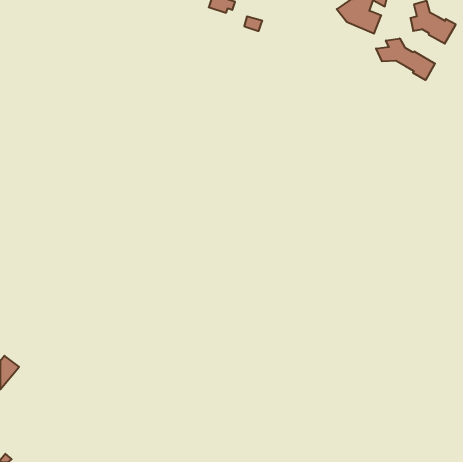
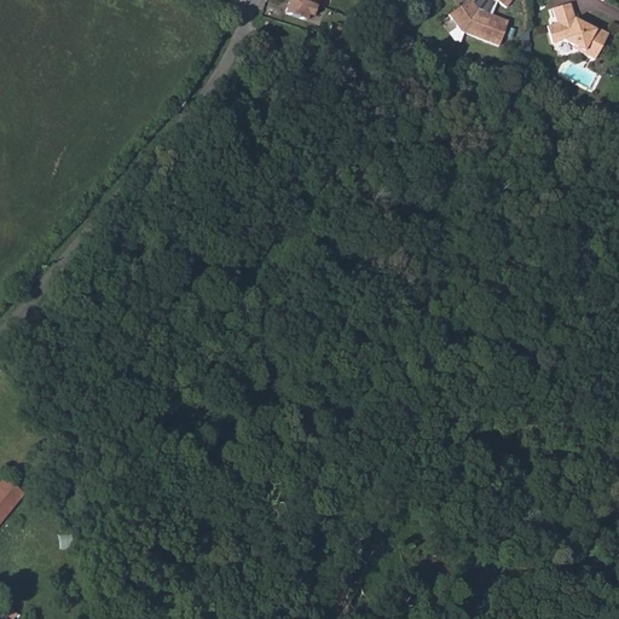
building: [376,38,435,80] -> none

